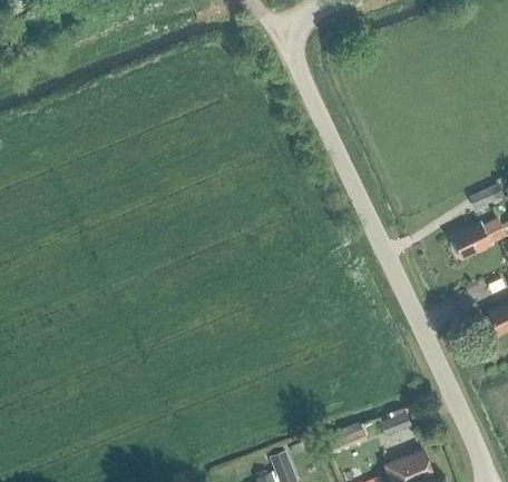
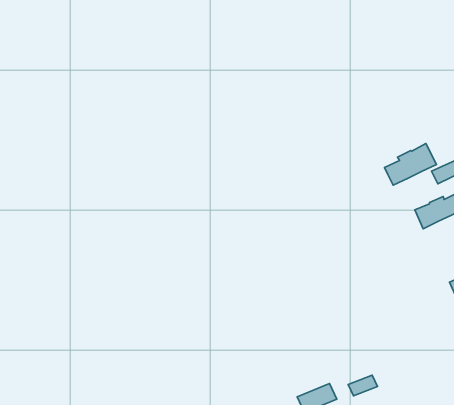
building: none -> [384,143,437,185]

